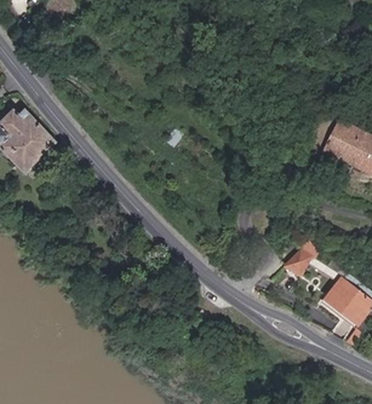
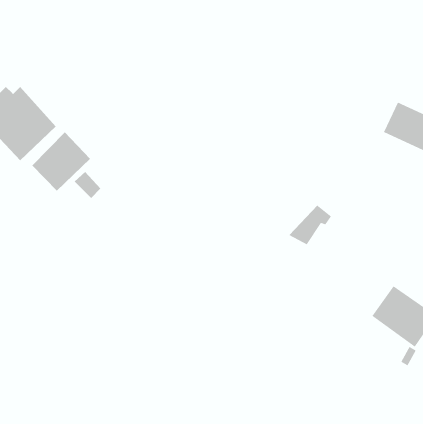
building: none -> [31,132,91,191]
building: [282,241,319,275] -> [288,205,332,245]

